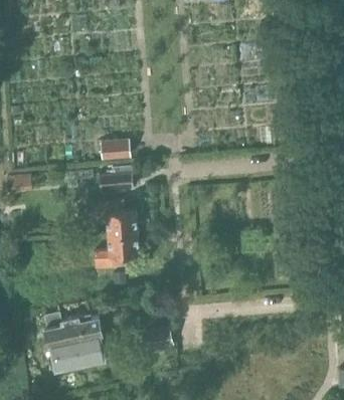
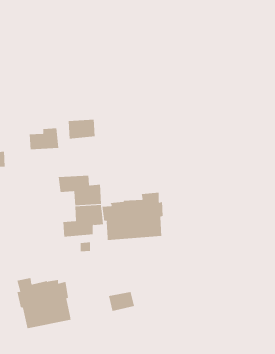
building: [100,168,133,192] -> [29,128,59,150]
building: none -> [102,192,163,241]

